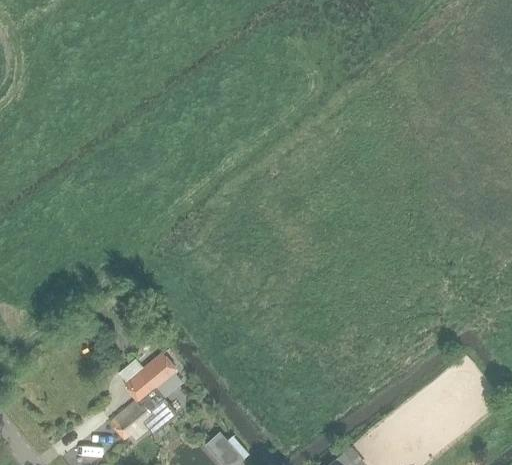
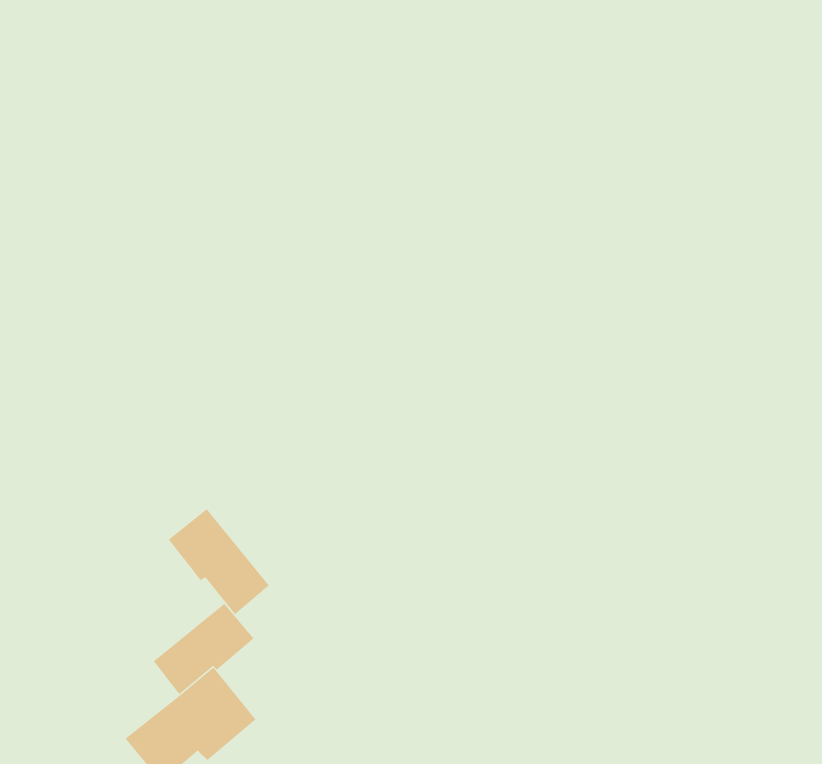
building: none -> [168,508,270,615]

